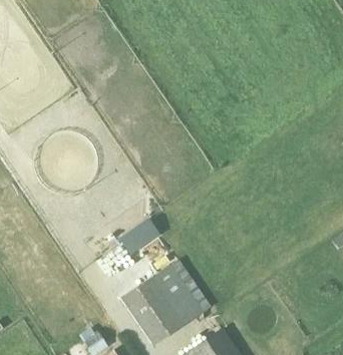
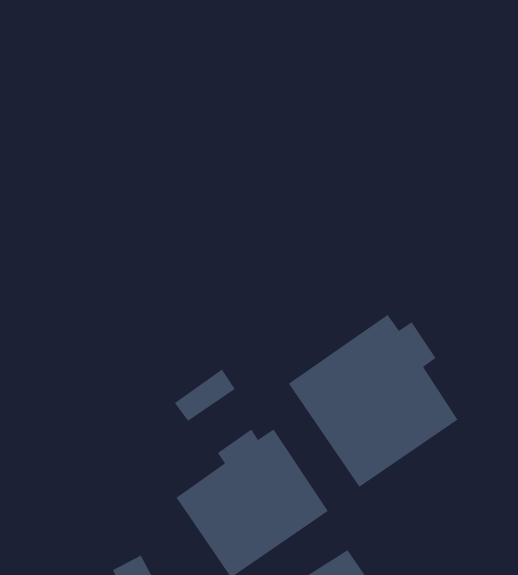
building: none -> [288,314,458,488]

